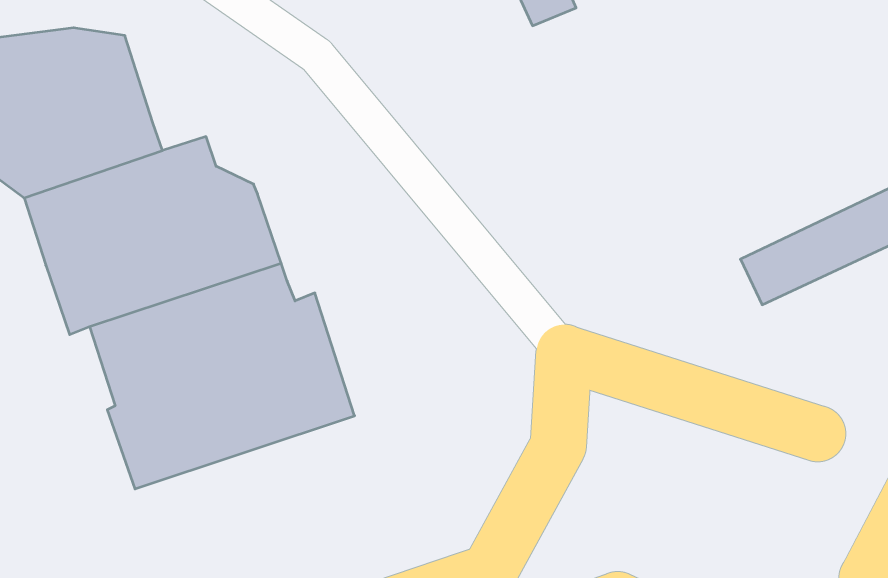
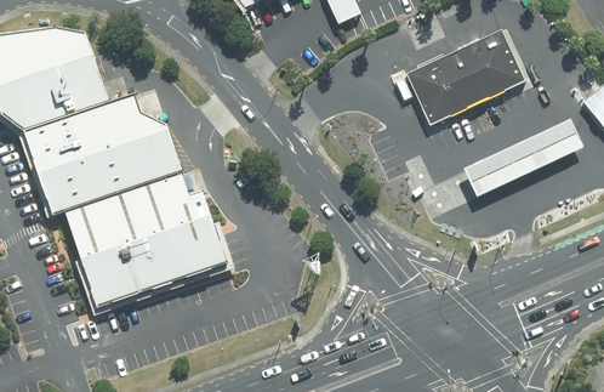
building: none -> [409,32,525,125]

